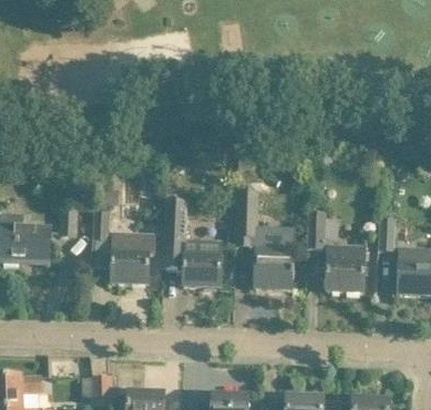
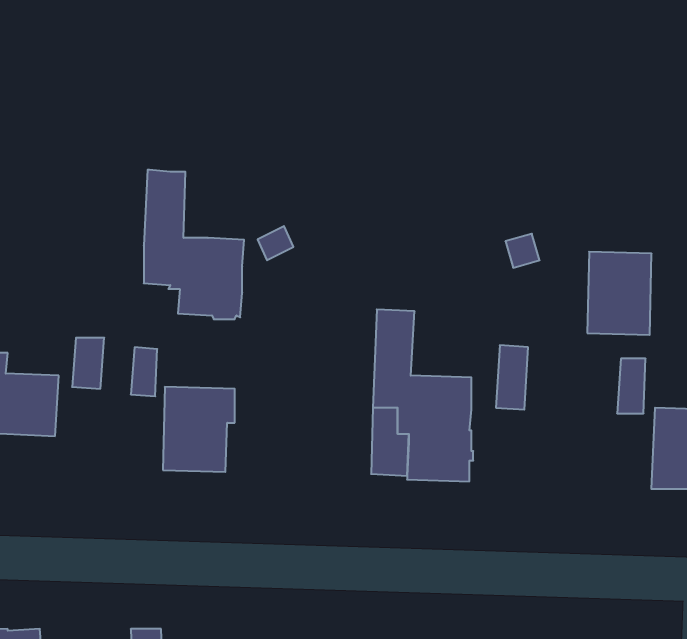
building: [164,201,223,288] -> [144,170,244,319]
building: [328,243,366,291] -> [587,252,652,335]

